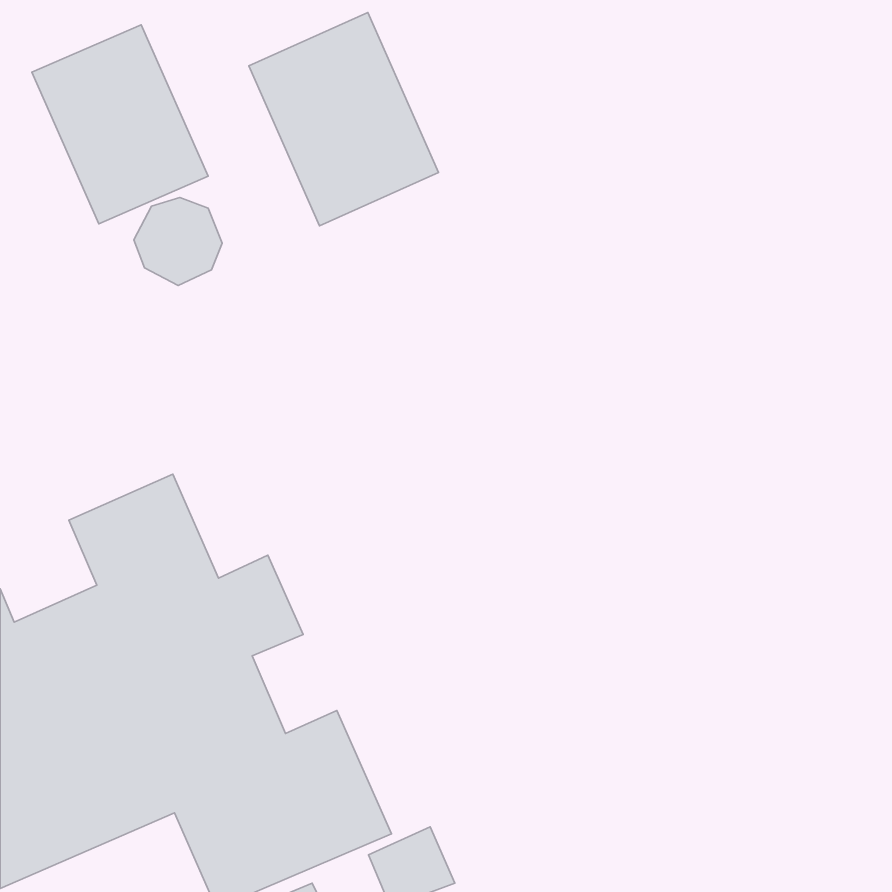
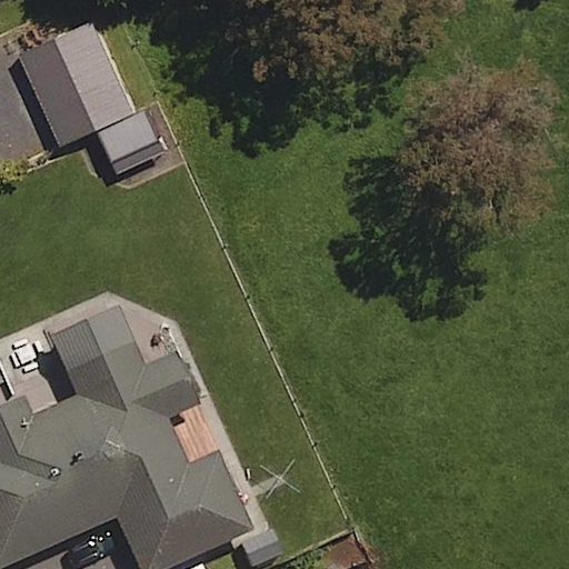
building: [249,13,439,226] -> none

